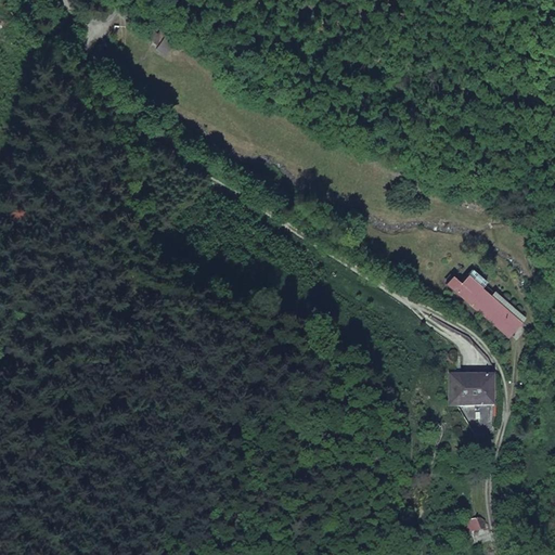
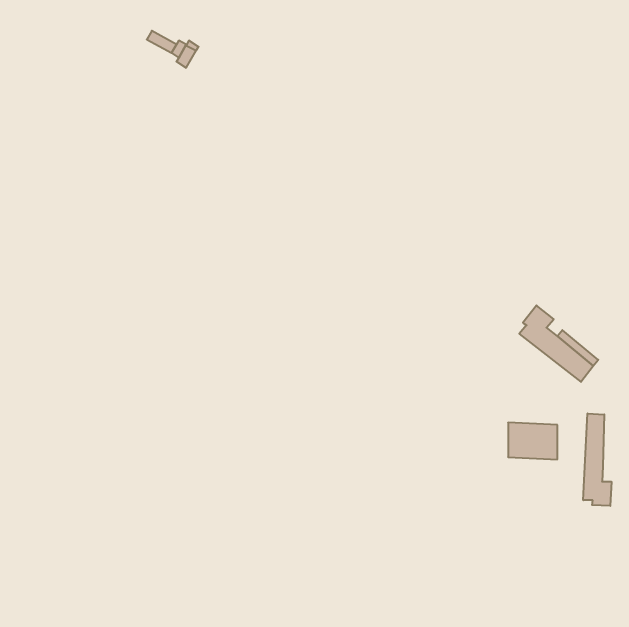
building: none -> [583,413,611,506]

